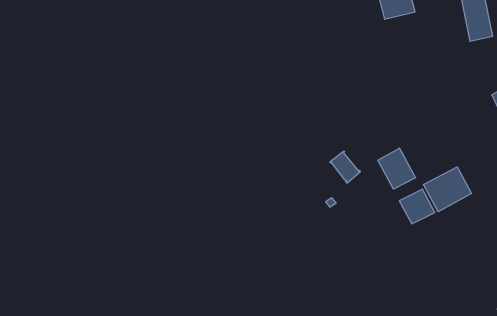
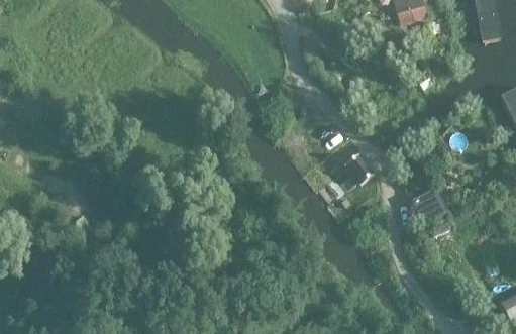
building: [378,148,416,189] -> none
building: [423,167,471,212] -> none

